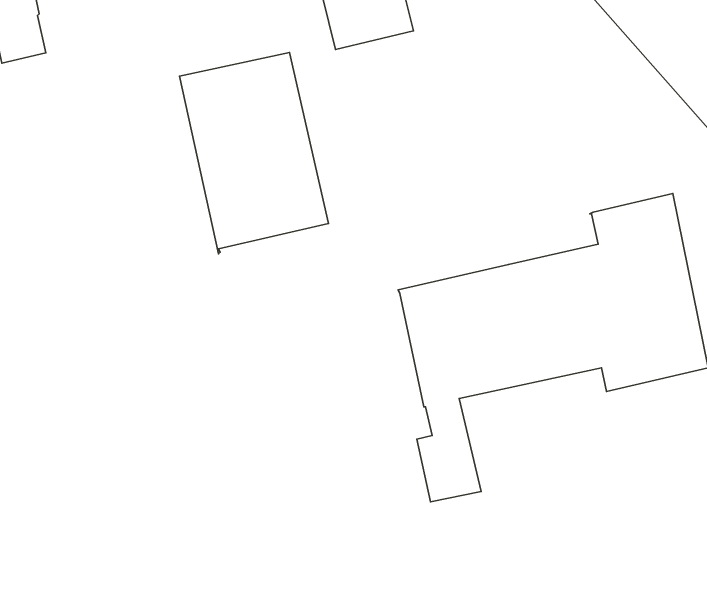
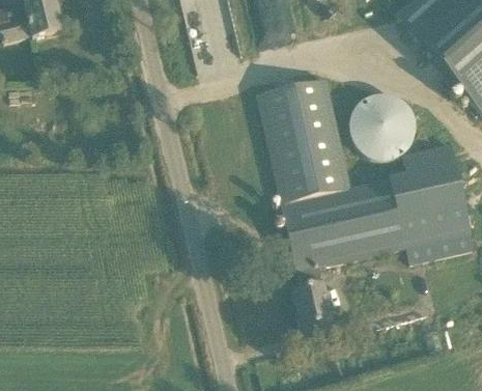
building: [179,52,329,254] -> [258,79,349,202]
building: none -> [347,92,414,159]

